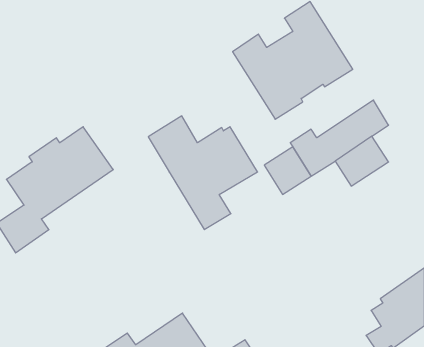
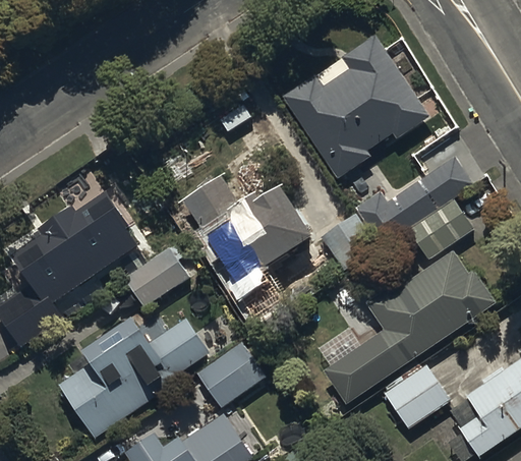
building: none -> [122,244,190,308]
building: none -> [325,252,496,404]
building: none -> [60,318,210,440]
building: none -> [195,341,265,408]
building: none -> [384,364,450,428]

